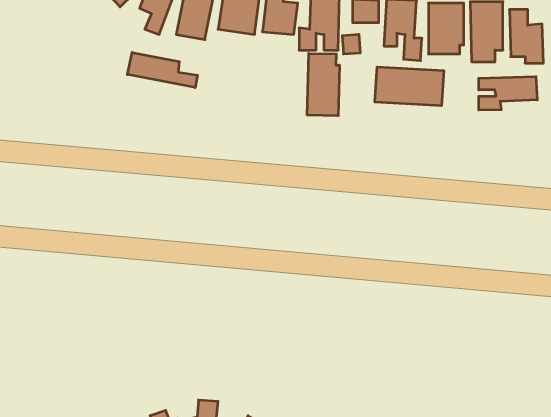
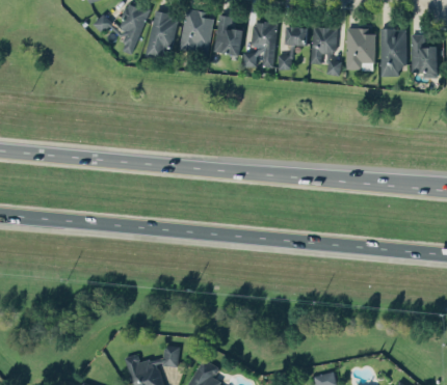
building: [127,52,198,88] -> none
building: [307,53,339,116] -> none
building: [375,67,444,106] -> none
building: [479,77,537,110] -> none

